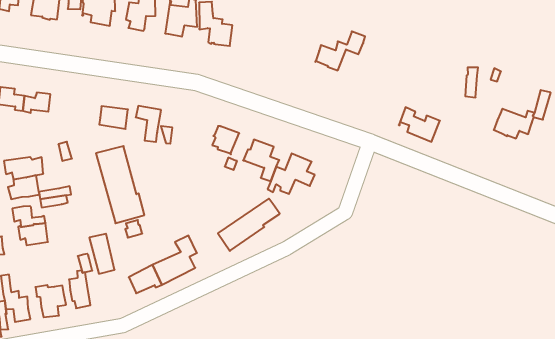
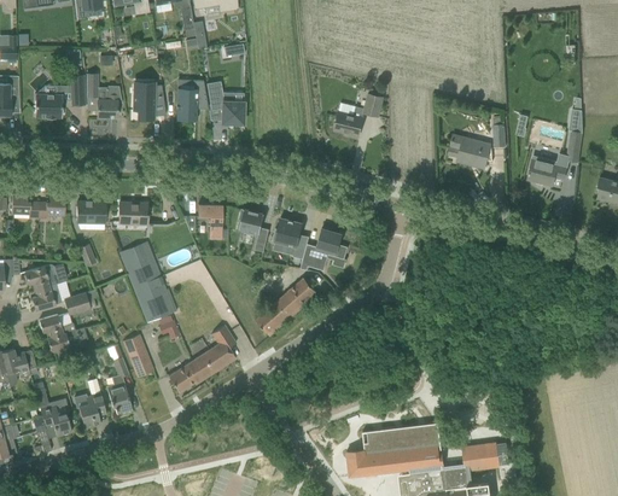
building: none -> [76,200,105,222]
building: [136,106,161,142] -> [197,204,222,239]
building: [399,107,440,142] -> [448,135,490,168]

